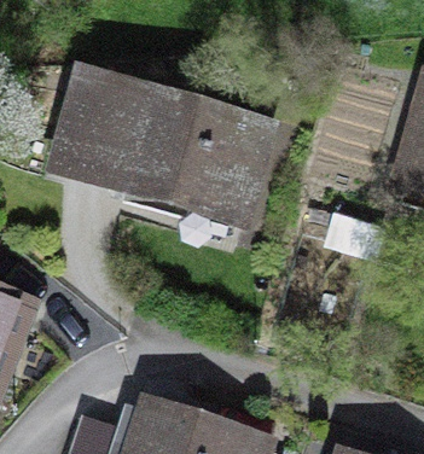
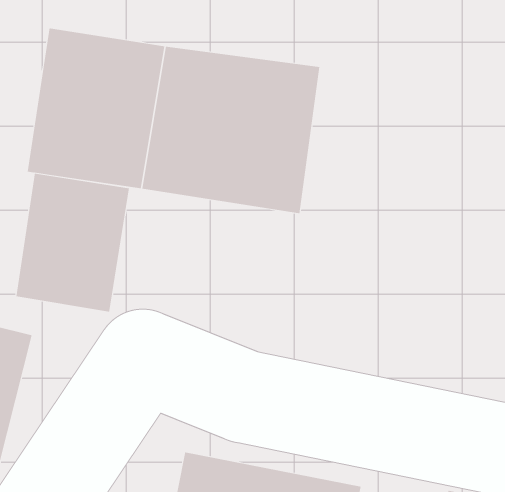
building: none -> [16,173,130,312]

